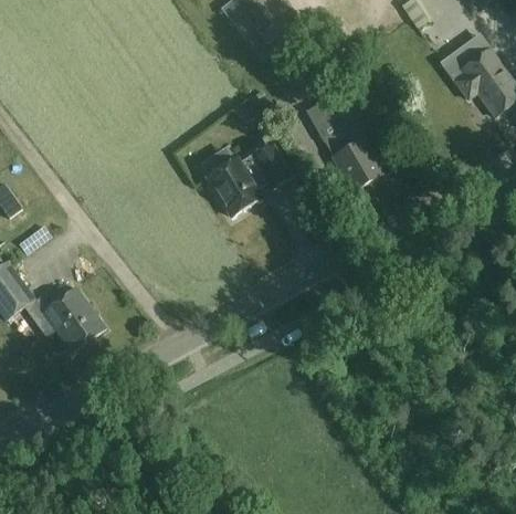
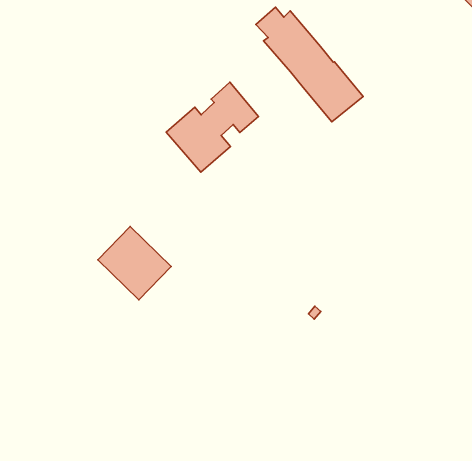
building: [41,285,104,350] -> [98,226,171,300]

